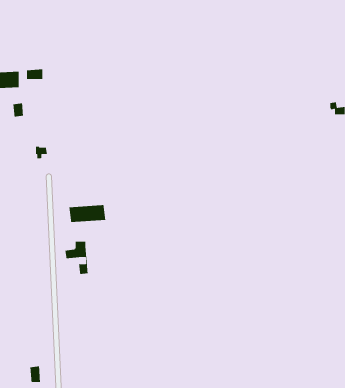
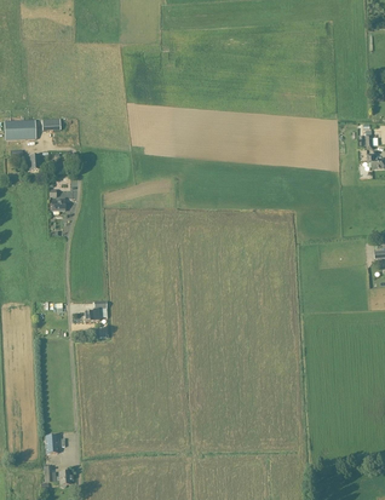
building: [68,204,106,223] -> none

